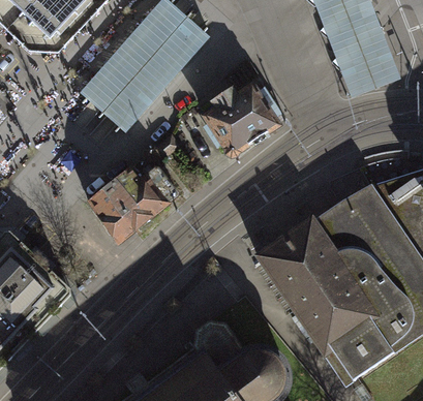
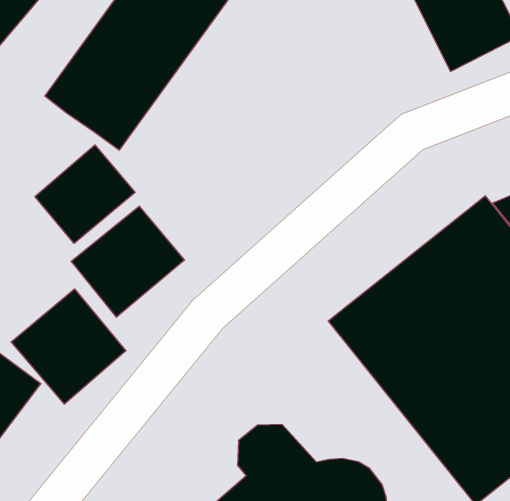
building: [204,84,280,155] -> none
building: none -> [35,145,135,243]
building: none -> [11,289,126,404]

